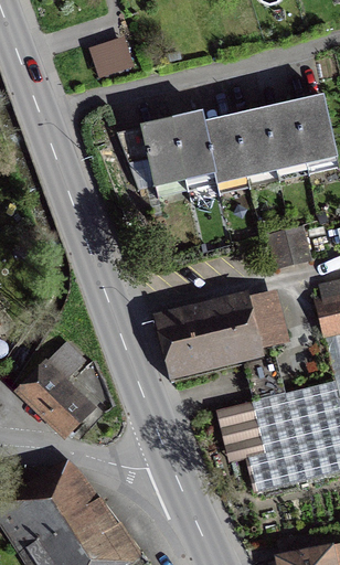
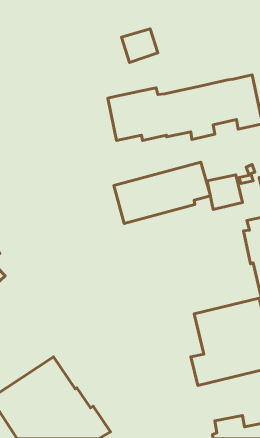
building: [88,36,135,79] -> [122,29,158,62]
building: [158,294,281,372] -> [114,162,210,224]
building: [12,341,97,443] -> none
building: [216,403,263,462] -> none

